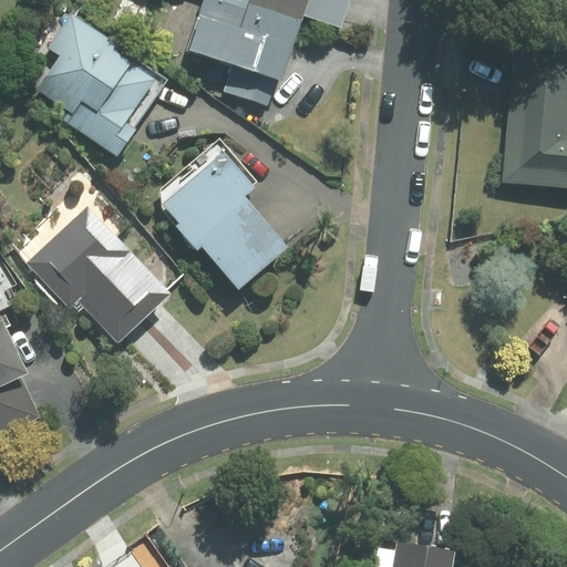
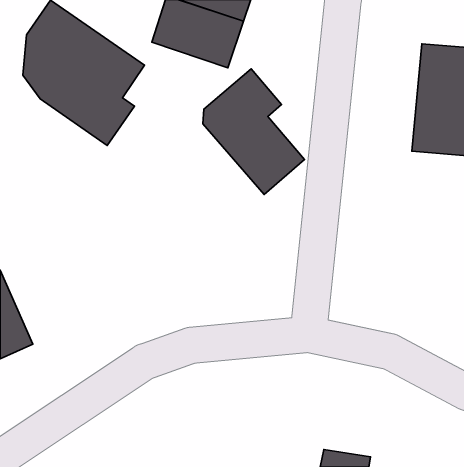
building: [161,140,284,291] -> [203,69,304,194]
building: [25,205,169,344] -> none

